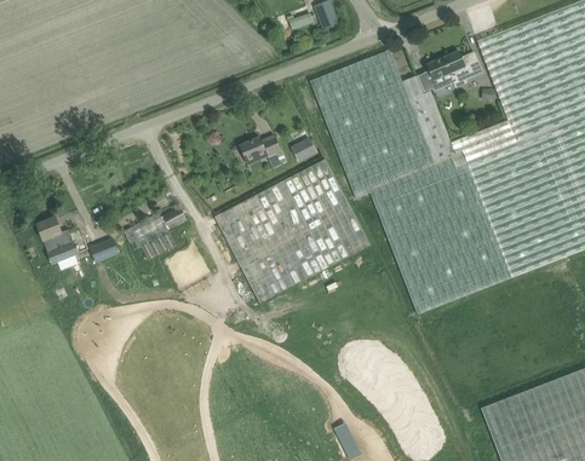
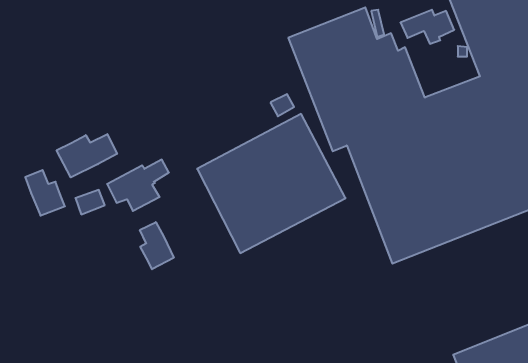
building: [240,134,286,167] -> none
building: none -> [57,134,117,177]
building: none -> [140,222,174,269]

